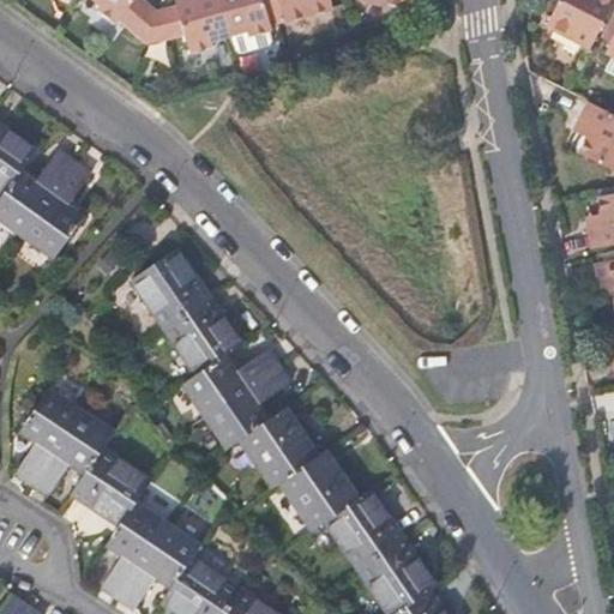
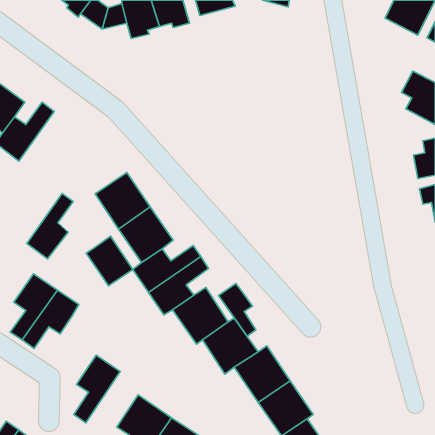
building: [26,161,91,252] -> [27,194,73,259]
building: none -> [86,236,133,286]
building: none -> [218,283,256,336]
building: [71,446,149,523] -> none
building: [120,524,200,607] -> none

